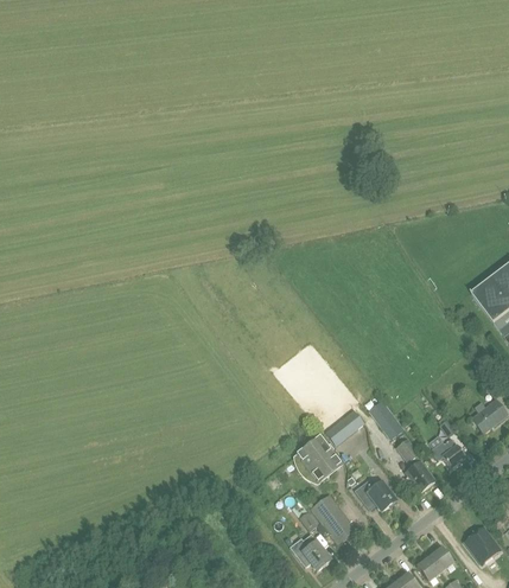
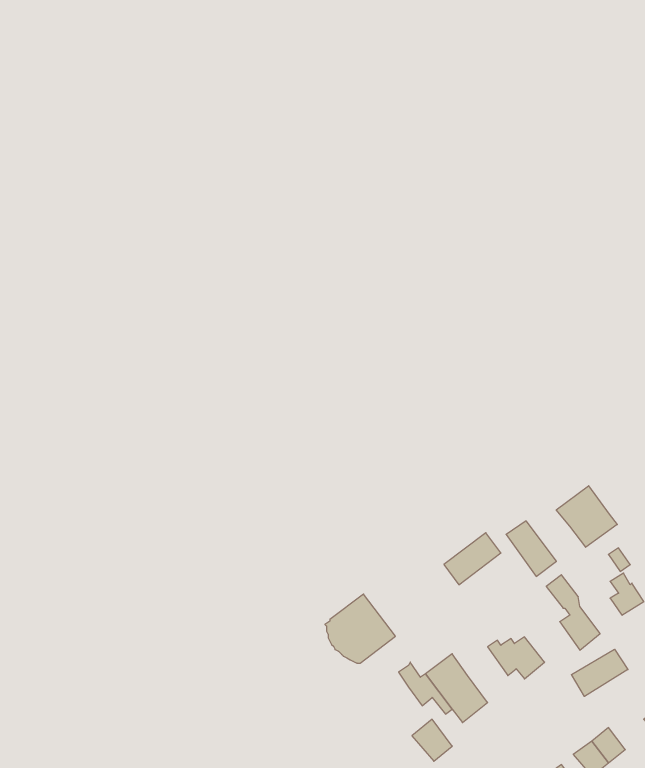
building: none -> [556,486,617,547]
building: [293,435,343,484] -> [325,594,395,663]
building: none -> [571,649,628,696]

